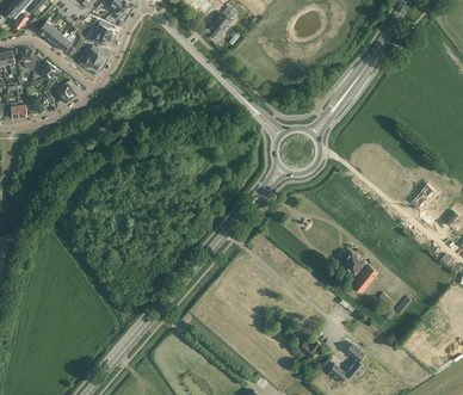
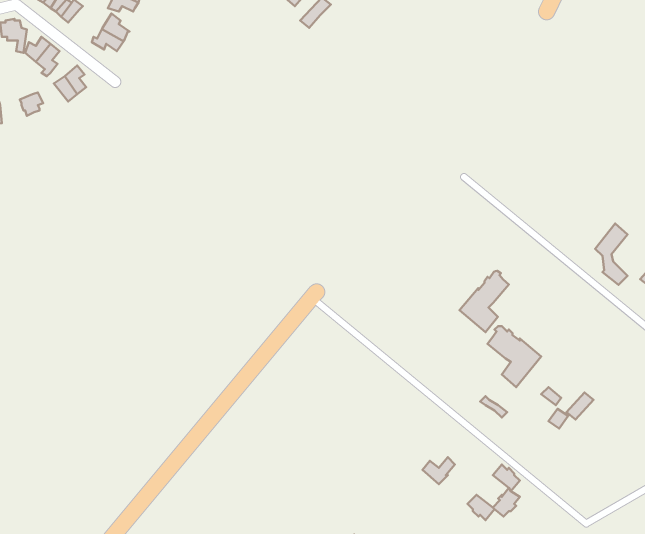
building: none -> [460,271,509,332]

